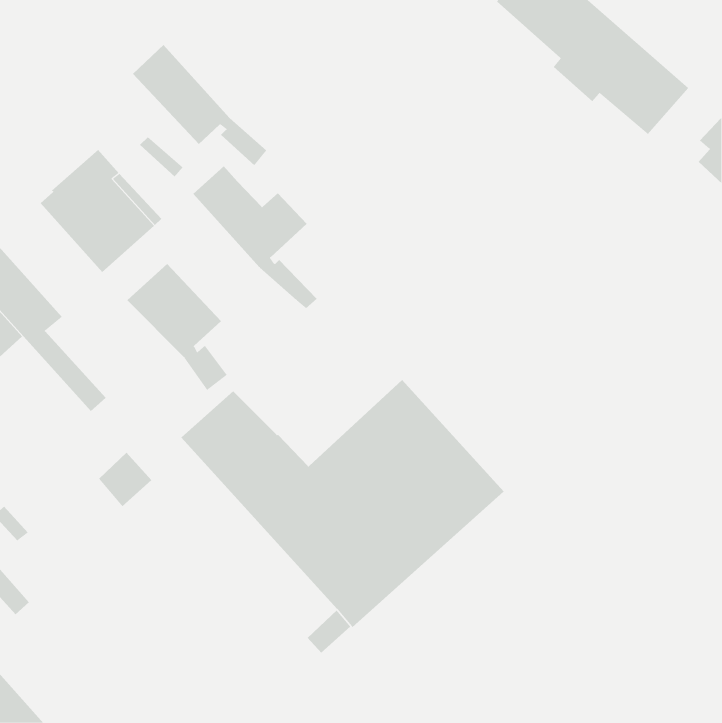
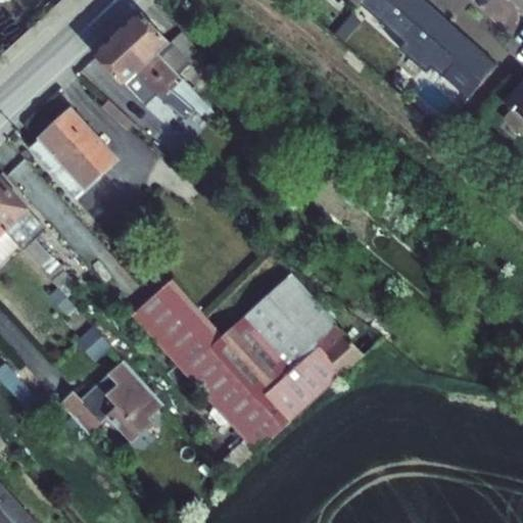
building: [193,165,318,309] -> [117,11,207,114]
building: [126,263,228,391] -> none
building: none -> [57,359,161,441]

